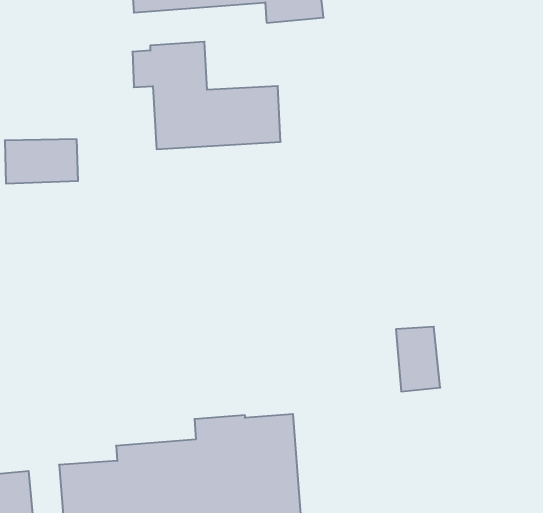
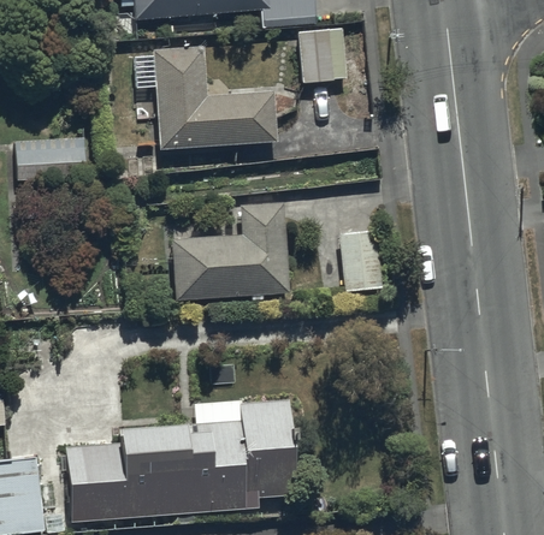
building: none -> [297,30,347,84]
building: none -> [171,204,290,299]
building: [396,327,440,391] -> [341,232,383,293]

